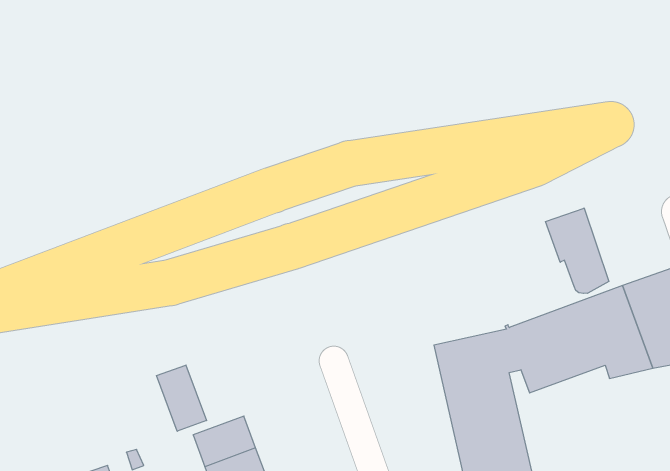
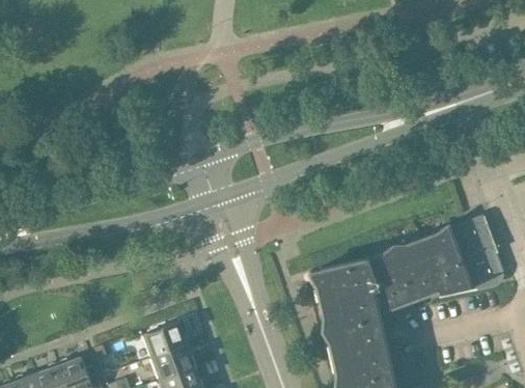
building: [546,208,609,293] -> none
building: [157,365,207,431] -> none

